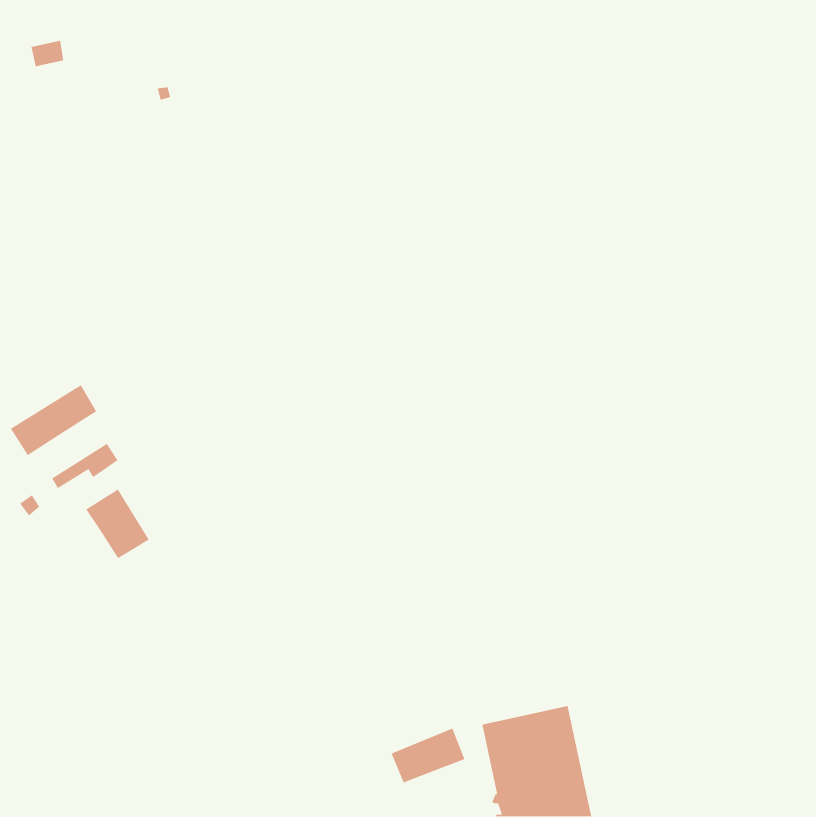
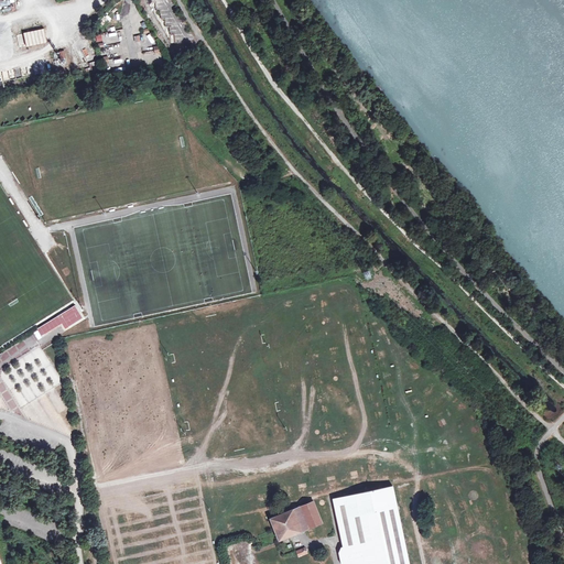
building: [10,384,97,456] -> none
building: [85,488,150,559] -> none

